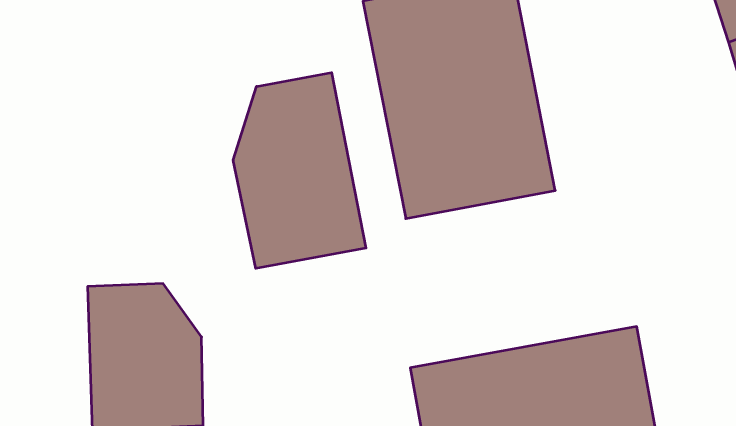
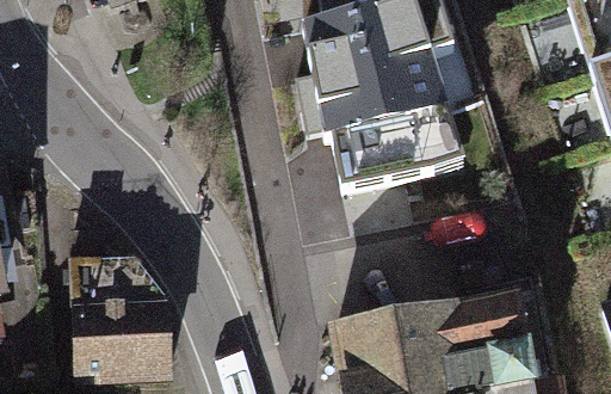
building: [233,73,366,268] -> none

